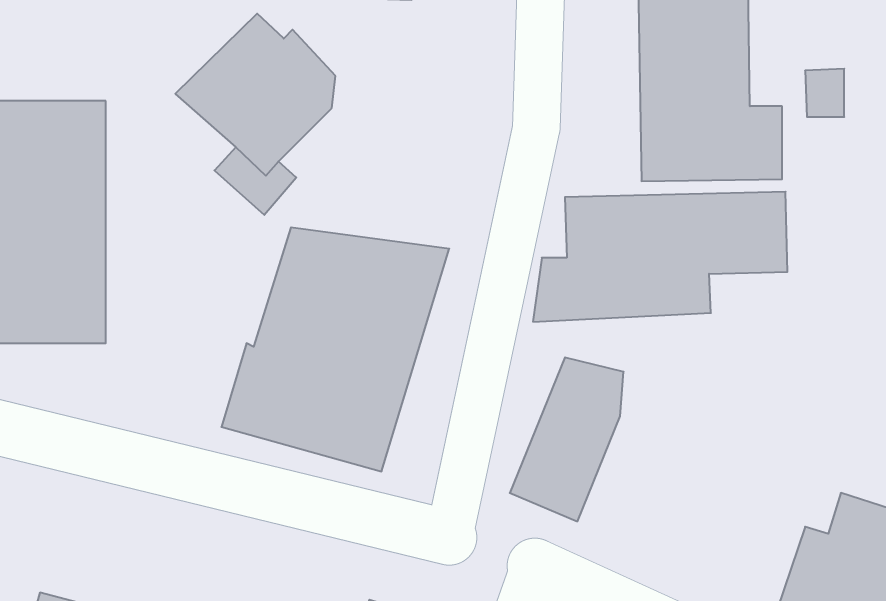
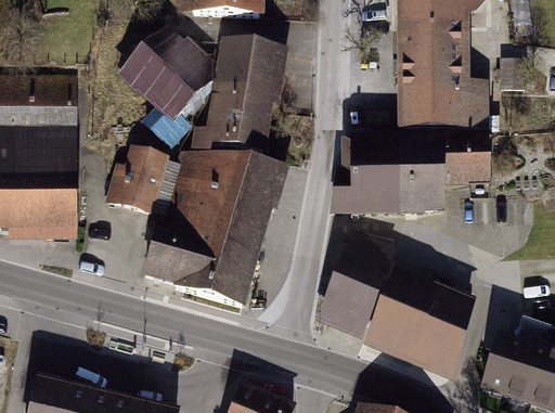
building: none -> [191,40,287,153]
building: none -> [107,147,167,214]
building: none -> [371,275,470,371]

